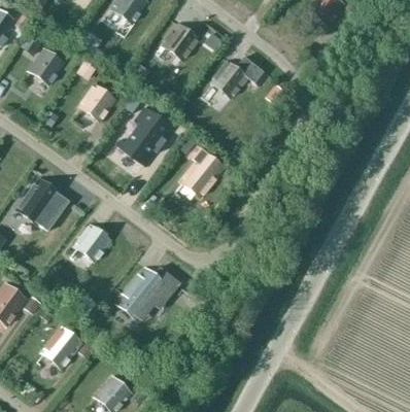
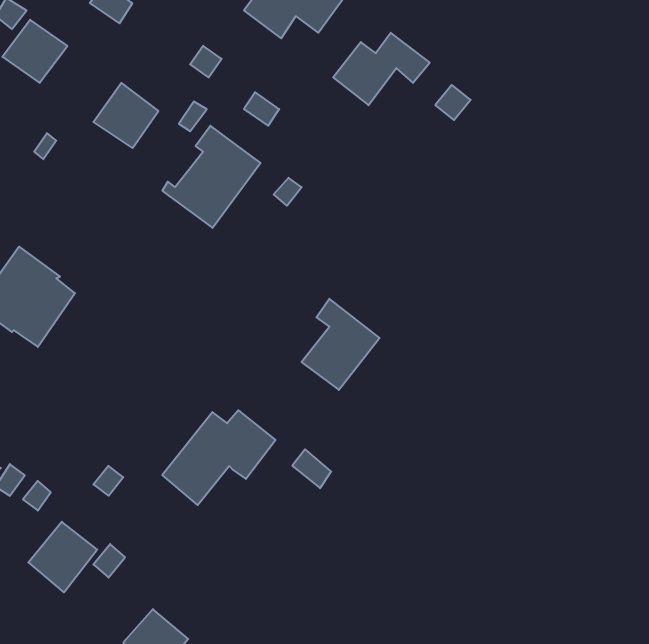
building: [180,145,224,196] -> [302,299,380,390]
building: [75,225,110,260] -> none

